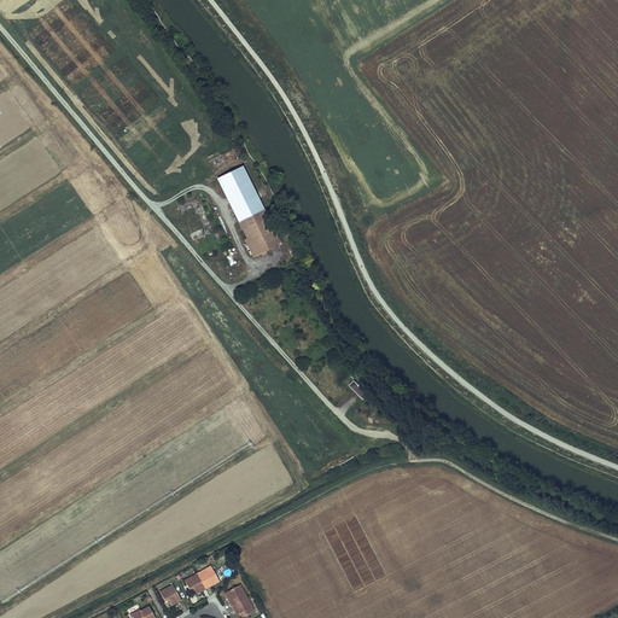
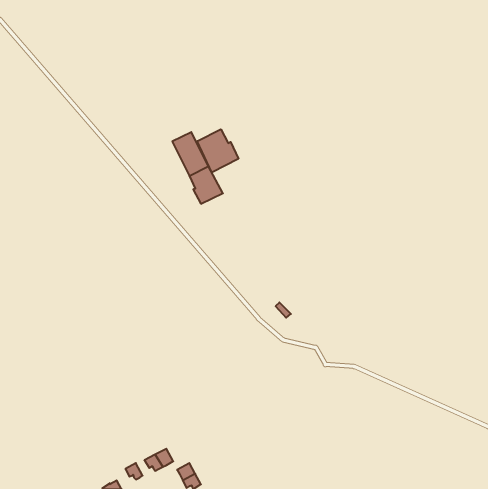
building: none -> [197,129,238,173]

